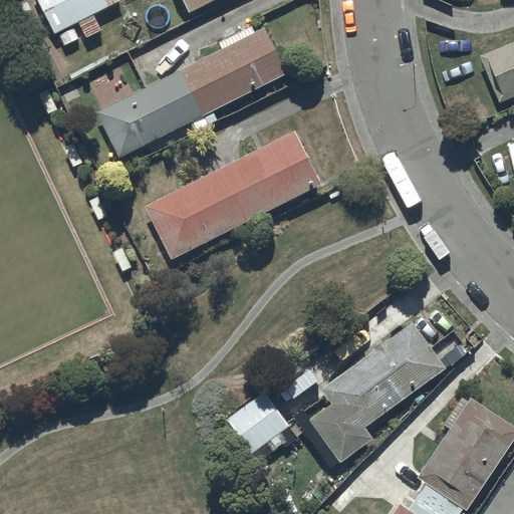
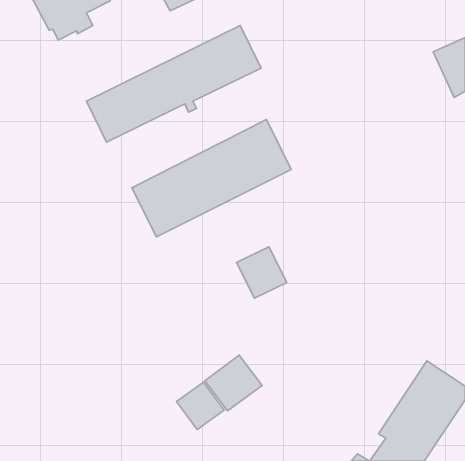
building: none -> [237,247,287,298]
building: [309,322,447,464] -> none
building: none -> [177,382,224,430]

